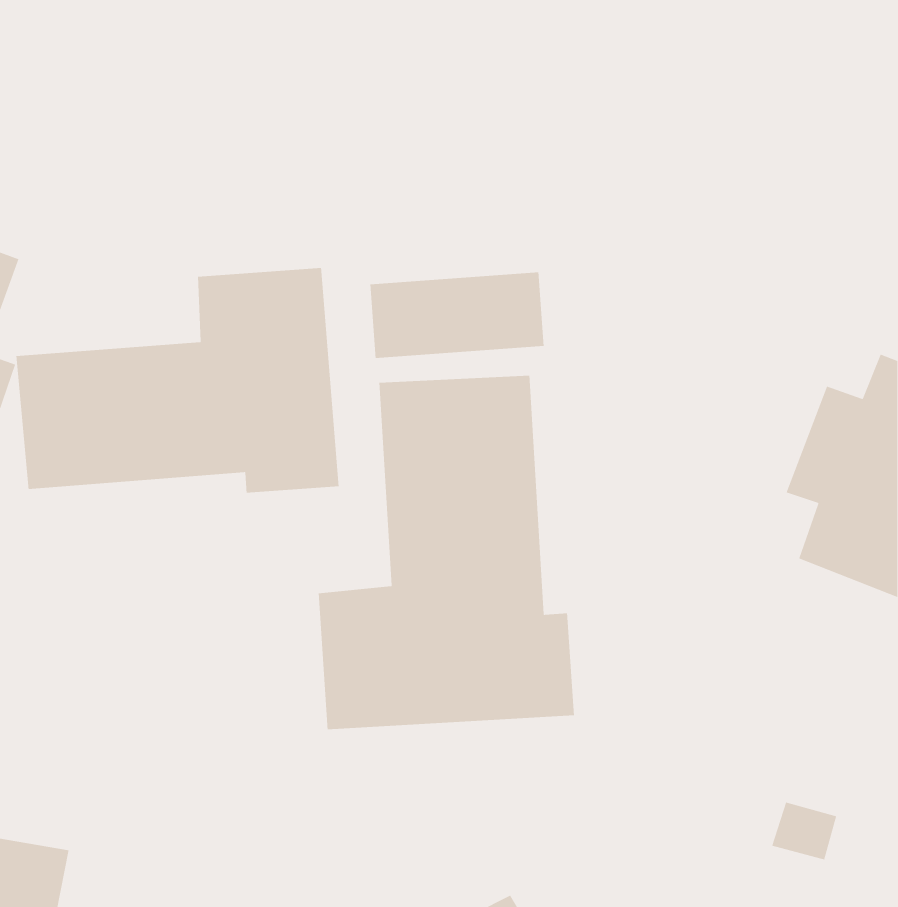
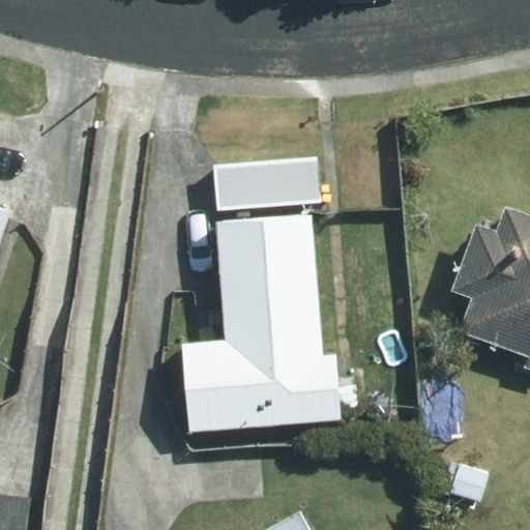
building: [15,267,340,493] -> none

